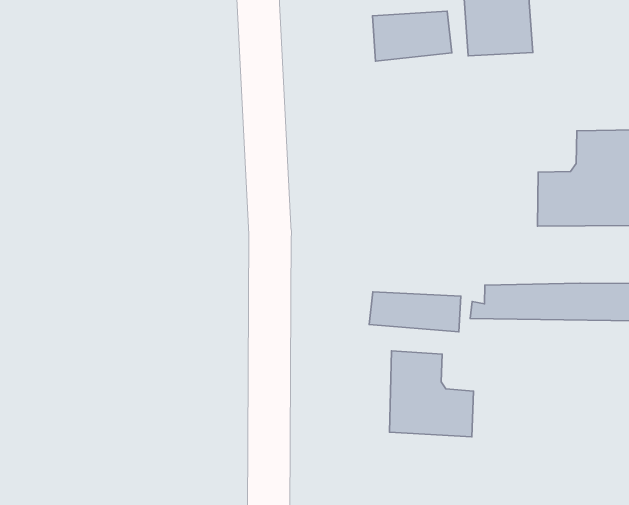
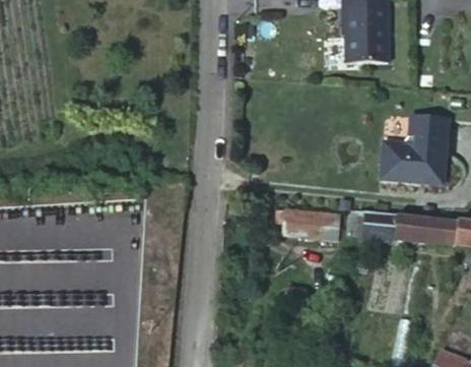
building: [372,11,452,61] -> none
building: [390,351,474,437] -> none

